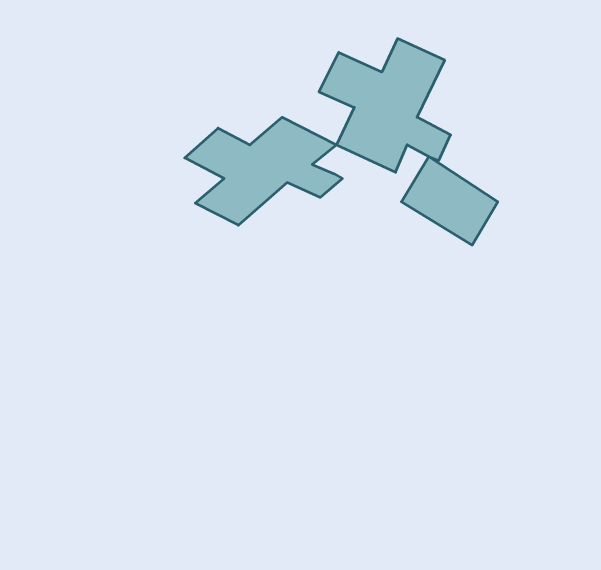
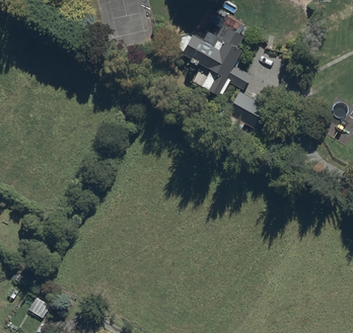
building: [185,117,342,225] -> none

